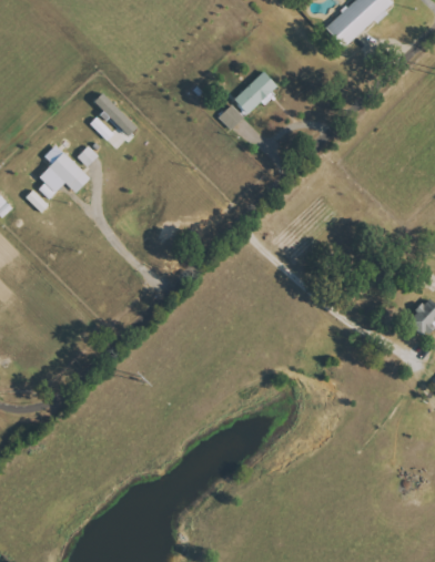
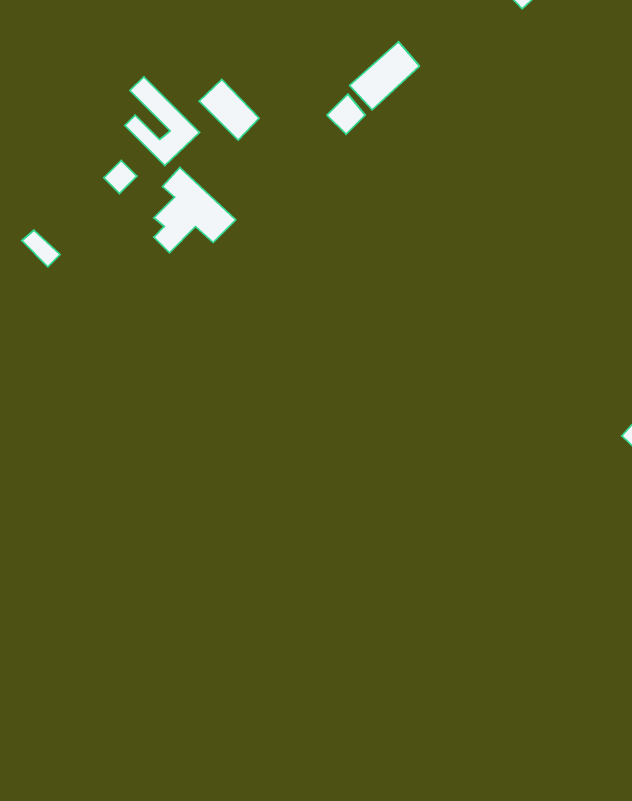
building: none -> [199,79,259,140]
building: [39,144,91,198] -> [154,167,236,253]

